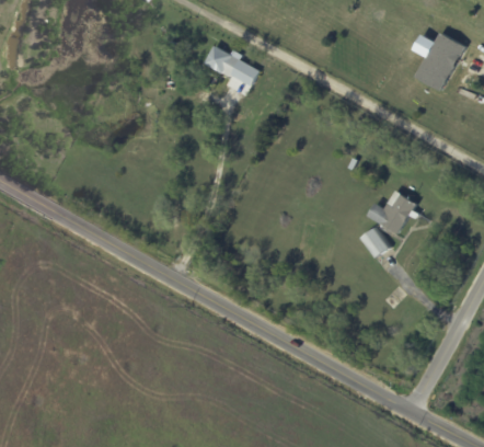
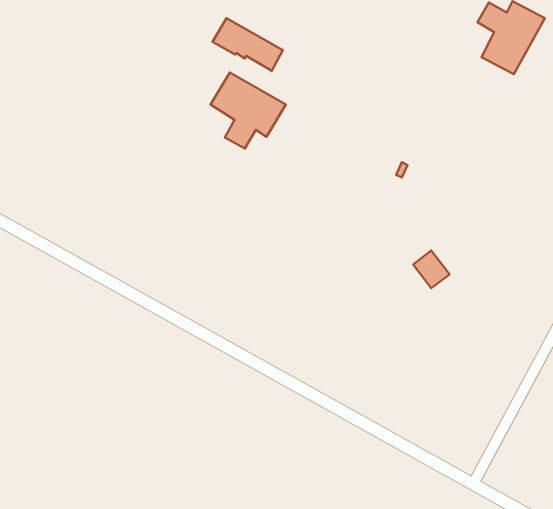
building: none -> [210,72,286,148]
building: [368,191,418,234] -> none

